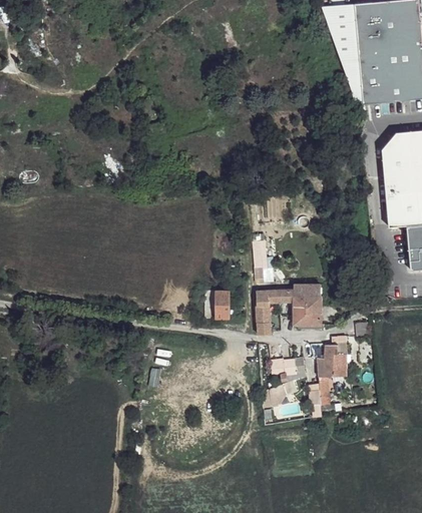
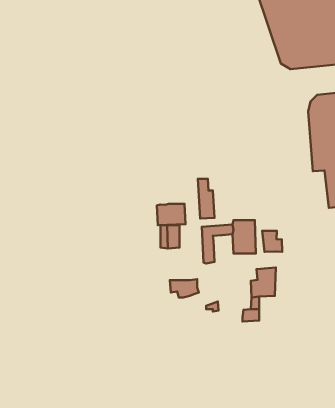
building: none -> [157,204,186,225]
building: none -> [262,231,282,252]
building: [271,359,306,381] -> [170,279,199,297]

